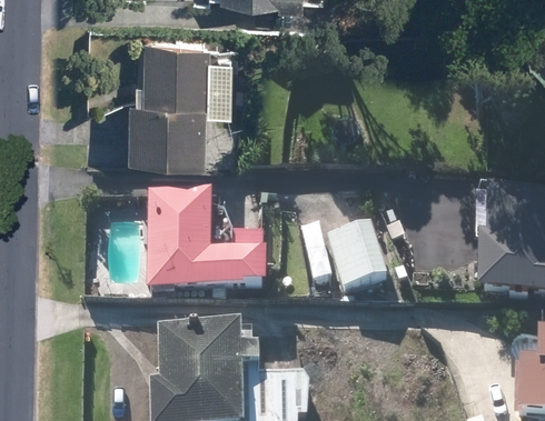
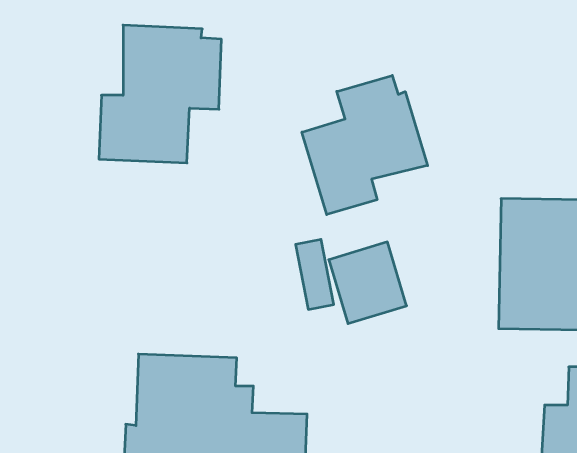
building: none -> [302,75,428,215]
building: [147,191,266,289] -> none

